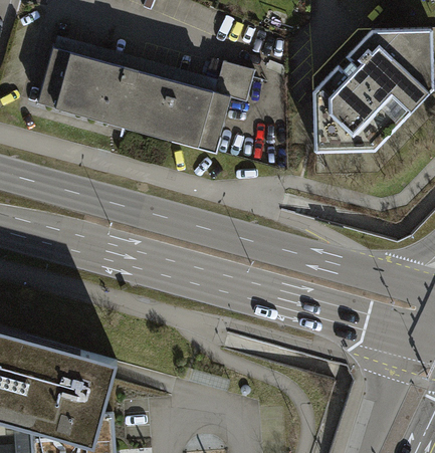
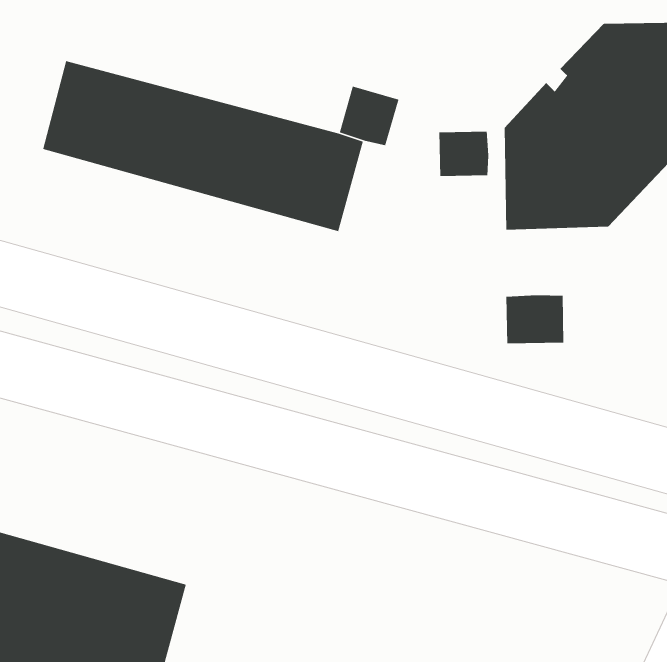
building: none -> [439,131,489,177]
building: none -> [506,294,564,344]

